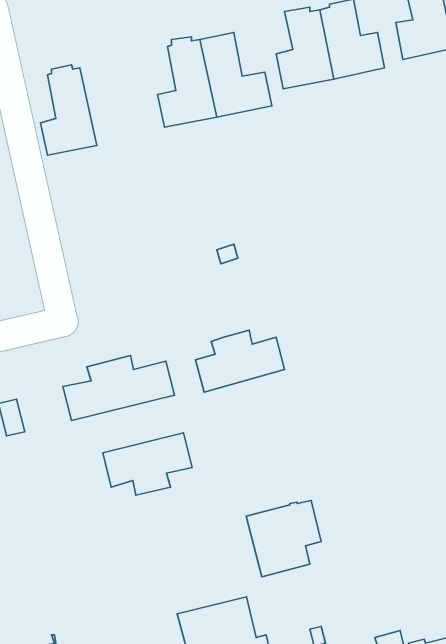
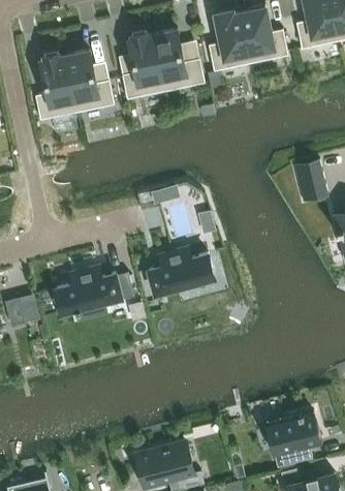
building: none -> [65,50,115,112]
building: none -> [294,159,328,203]
building: [103,433,192,495] -> none
building: [246,501,321,577] -> [266,411,321,467]

